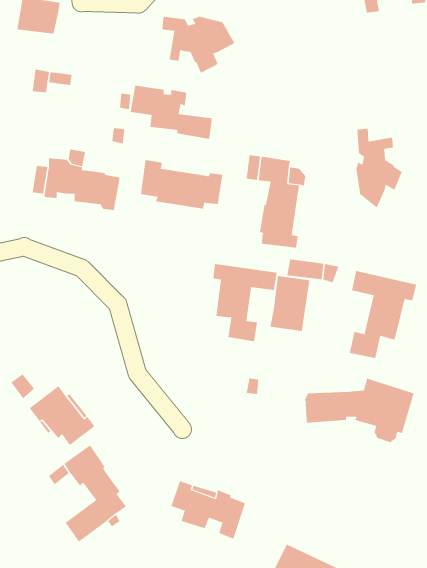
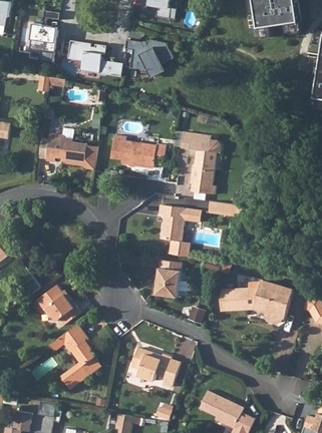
building: [130,85,213,139] -> [66,41,121,77]
building: [356,128,403,209] -> none
building: [349,270,417,359] -> none
building: [269,276,310,331] -> [153,261,181,298]

